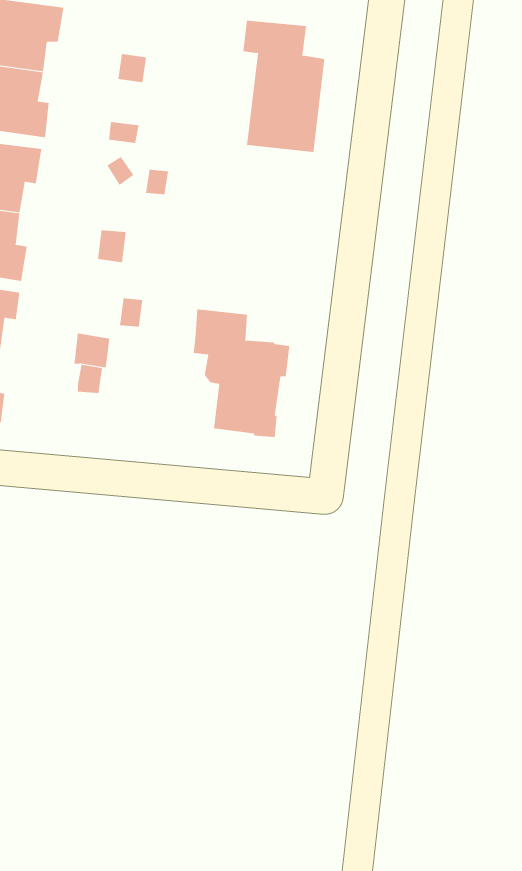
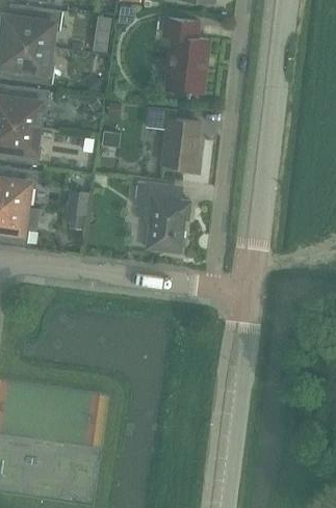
building: none -> [145,107,200,168]

